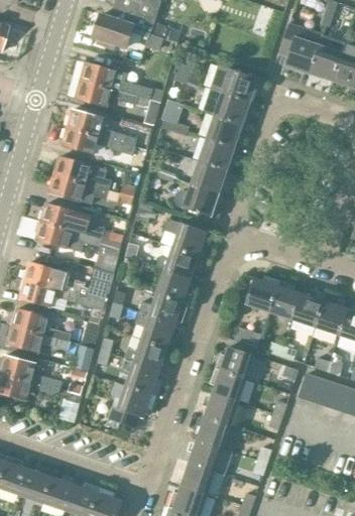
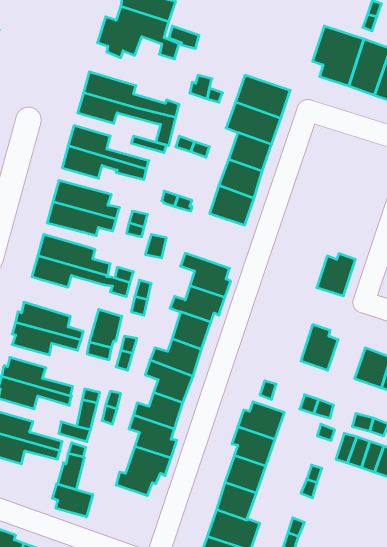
building: [173,184,220,218] -> none
building: [245,275,278,311] -> [317,254,355,296]
building: [291,293,324,327] -> none
building: none -> [52,484,93,517]

